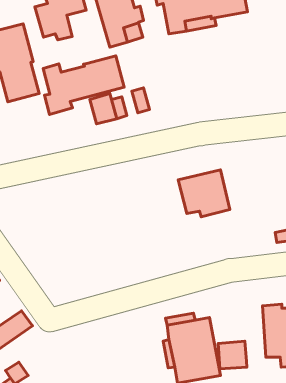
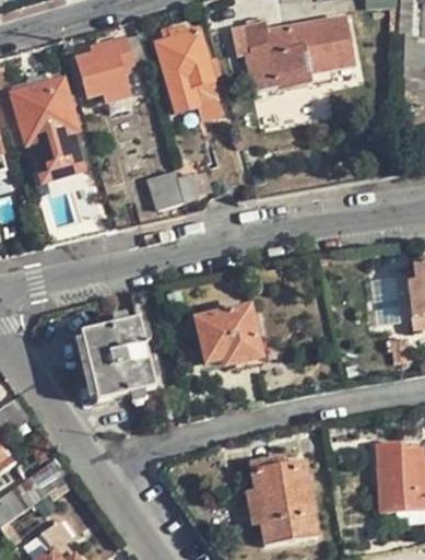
building: [43,56,124,114] -> none
building: [178,170,230,217] -> [194,305,261,366]
building: none -> [79,319,153,401]
building: [218,341,247,369] -> none

